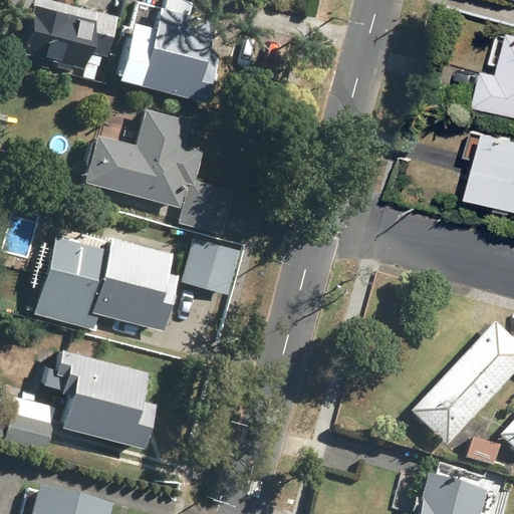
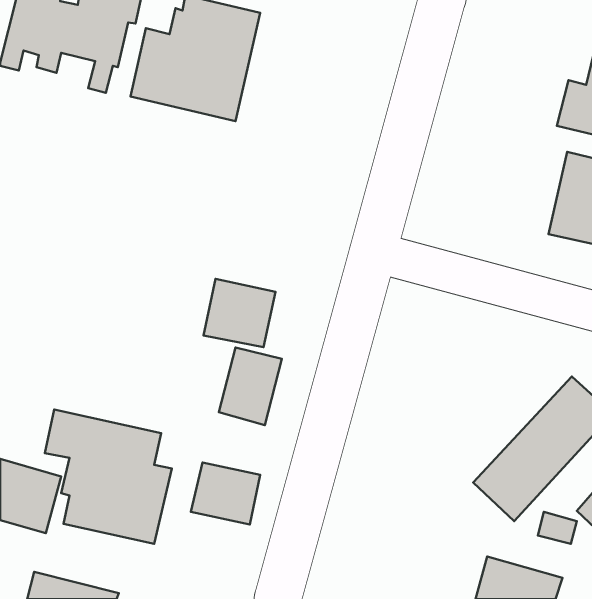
building: [81,108,237,233] -> none
building: [28,221,184,333] -> none
building: none -> [219,347,282,425]
building: none -> [191,462,260,525]

